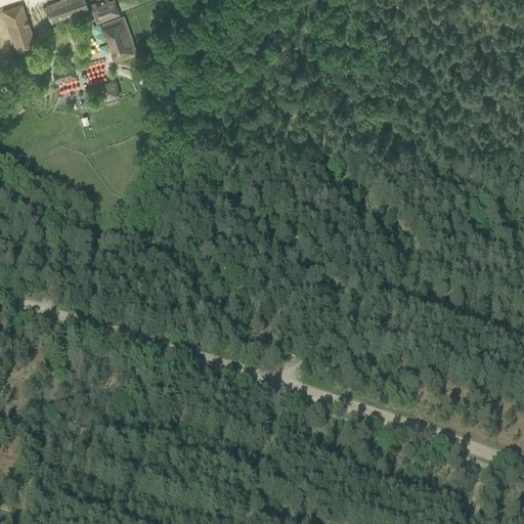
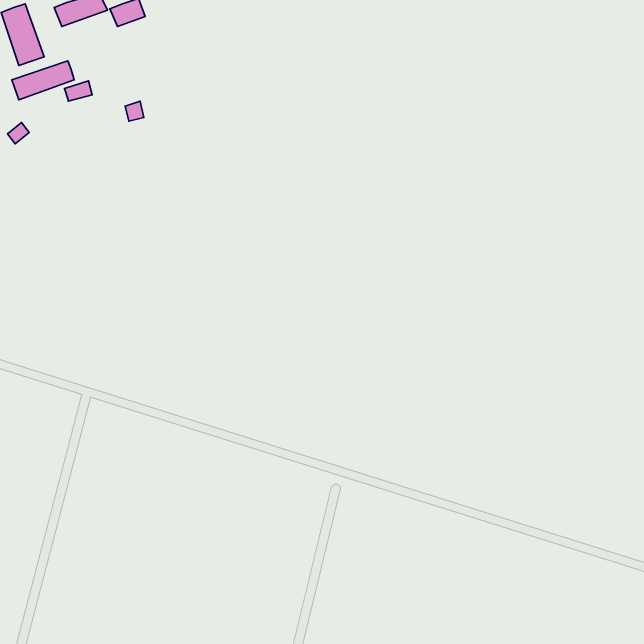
building: [103,15,136,59] -> none
building: none -> [12,61,74,100]

